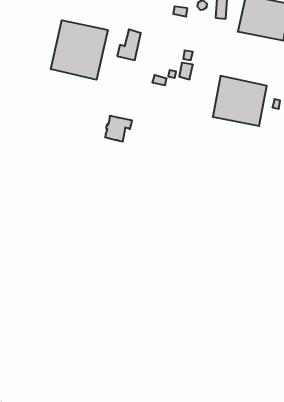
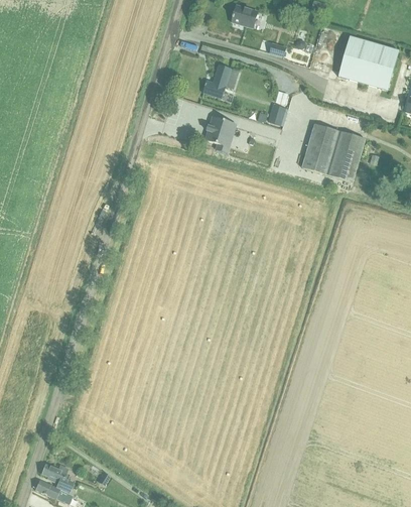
building: [51,20,108,80] -> none
building: [105,116,132,141] -> [204,116,236,145]

